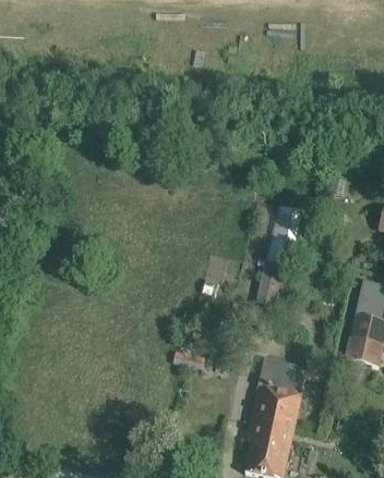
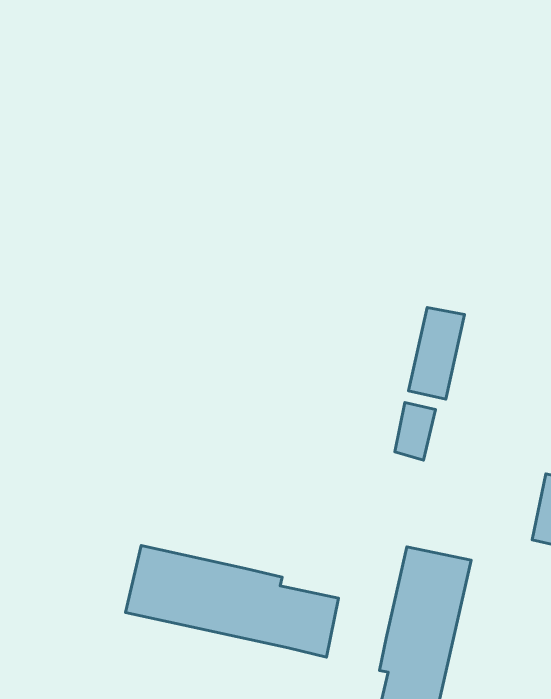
building: none -> [125,546,338,657]

